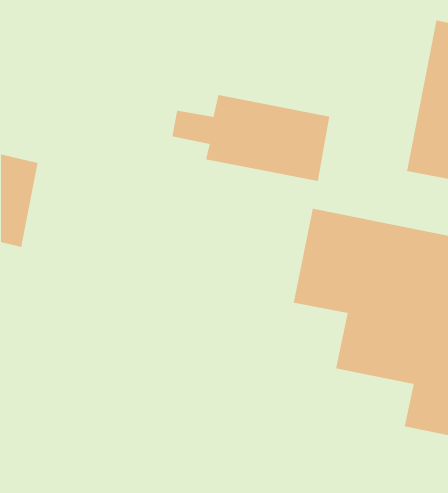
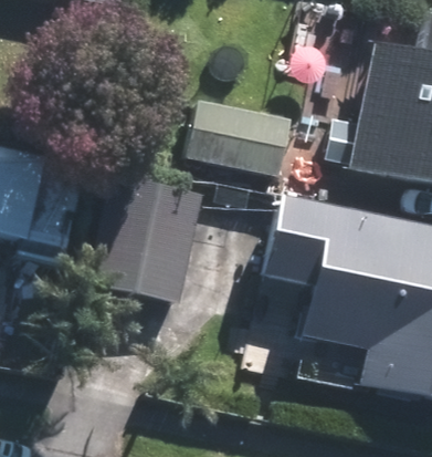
building: none -> [85,173,202,302]

